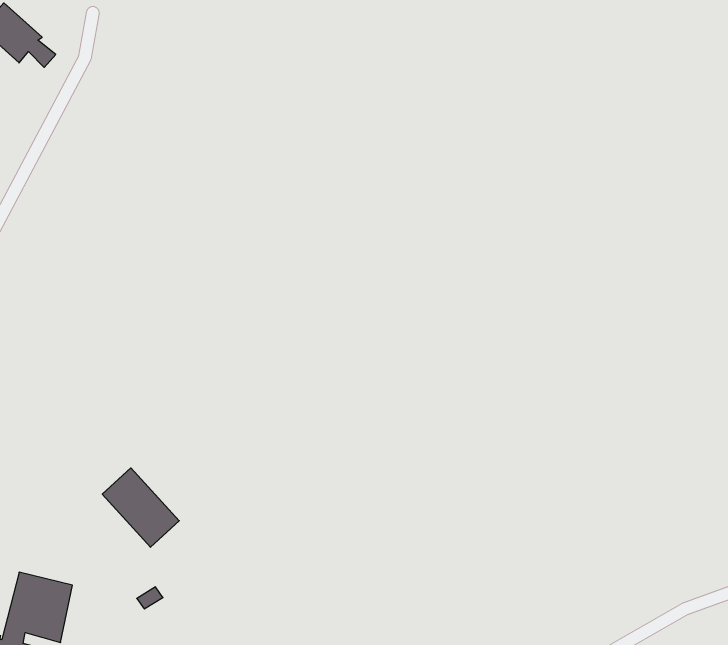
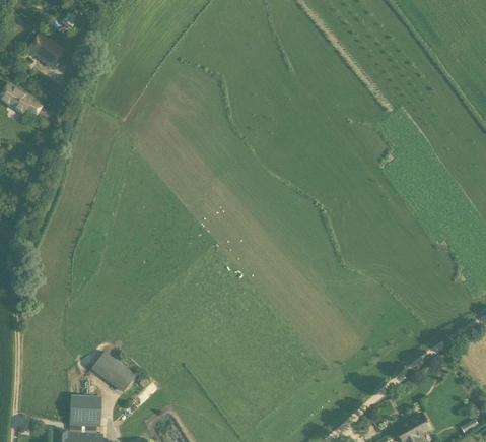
building: [102,468,179,547] -> [91,352,136,393]

